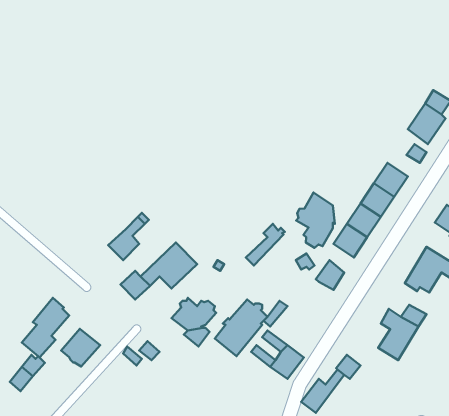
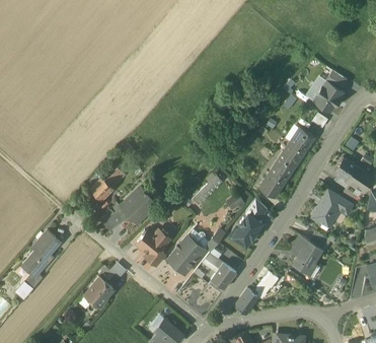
building: [296,193,335,248] -> none
building: none -> [233,216,261,247]
building: [61,329,100,367] -> [84,277,114,305]

